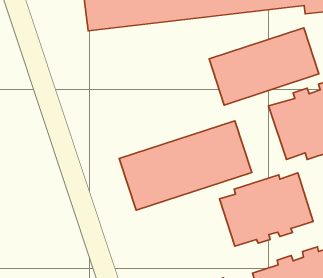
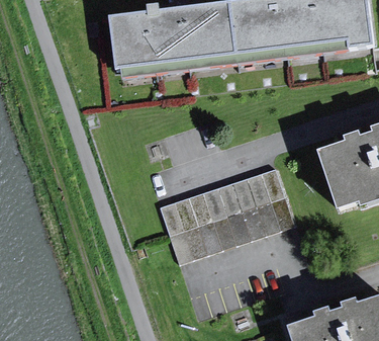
building: [209,28,319,105] -> none
building: [219,173,313,246] -> none

